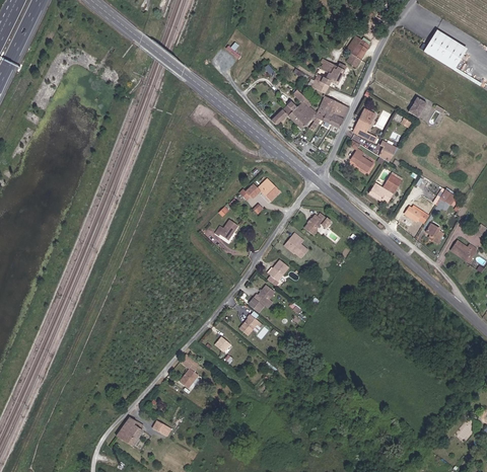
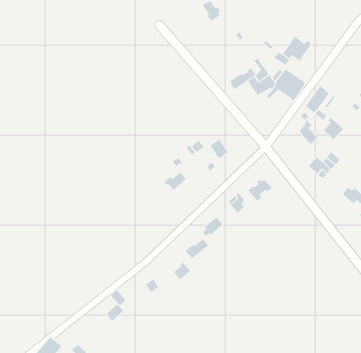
building: [346,34,369,66] -> none

